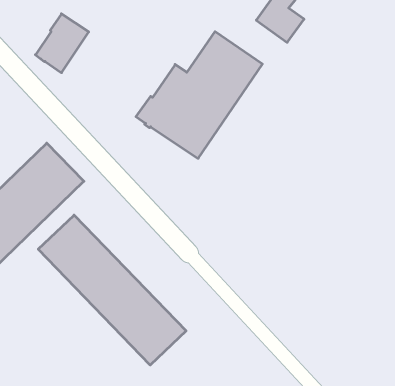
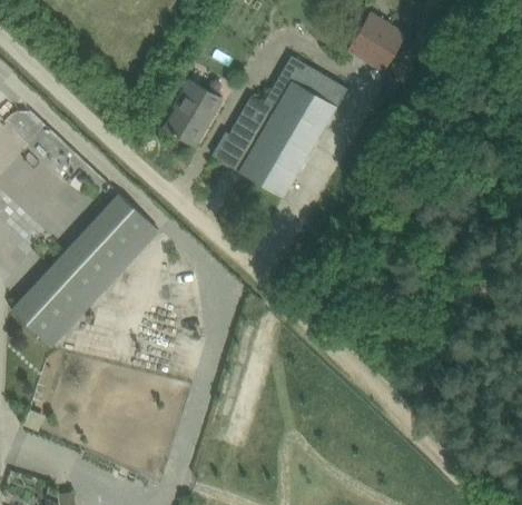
building: [35,14,89,73] -> [166,82,223,147]
building: [38,215,186,365] -> none

